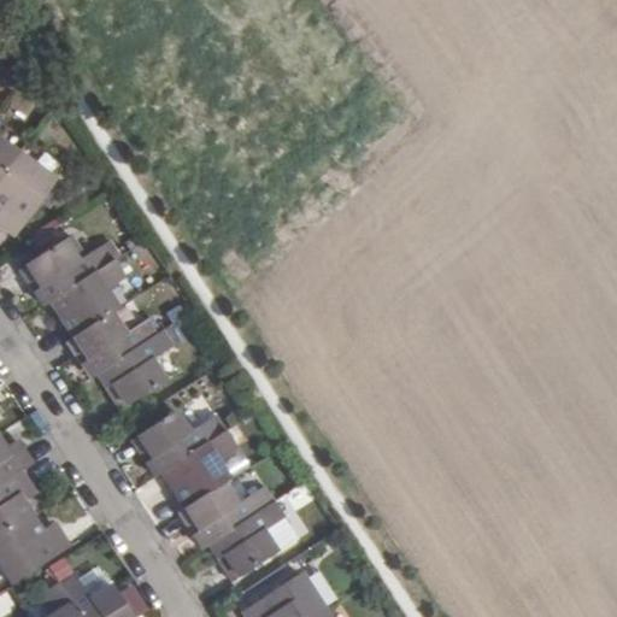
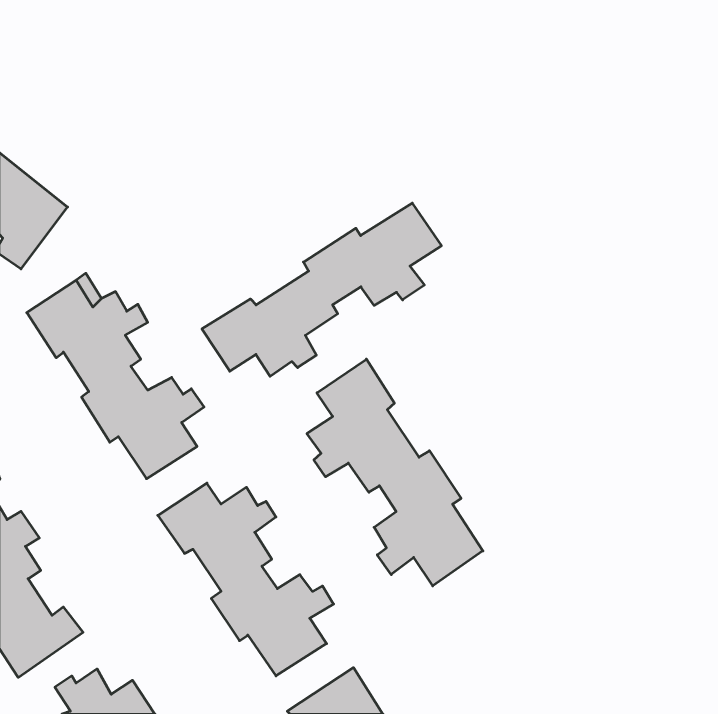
building: none -> [202,203,441,376]
building: none -> [307,359,483,586]

